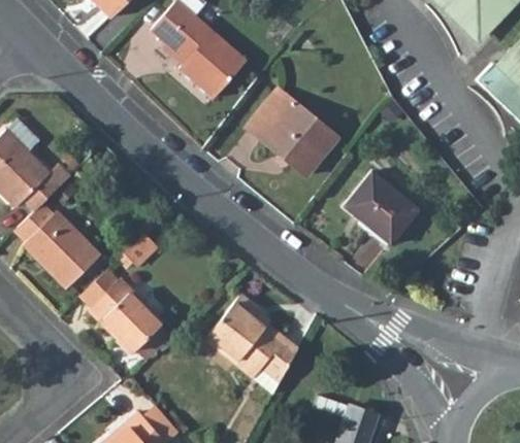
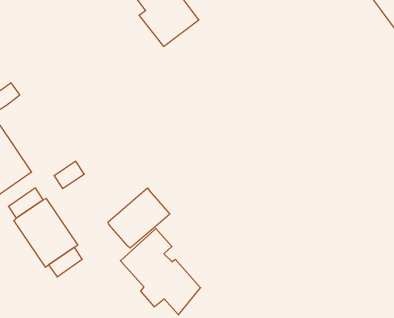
building: [248,91,337,175] -> none
building: [344,173,417,243] -> none
building: none -> [108,188,170,248]

